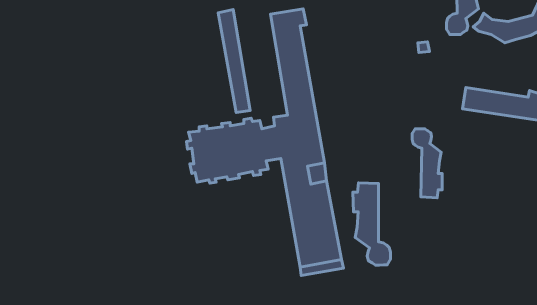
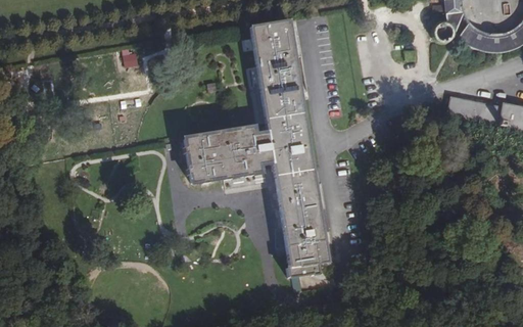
building: [218,10,250,113] -> [248,25,279,124]
building: [412,129,442,198] -> none
building: [353,183,391,265] -> none

